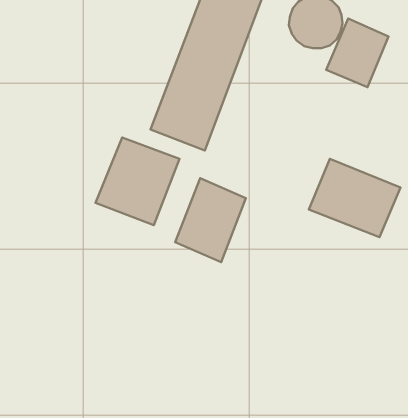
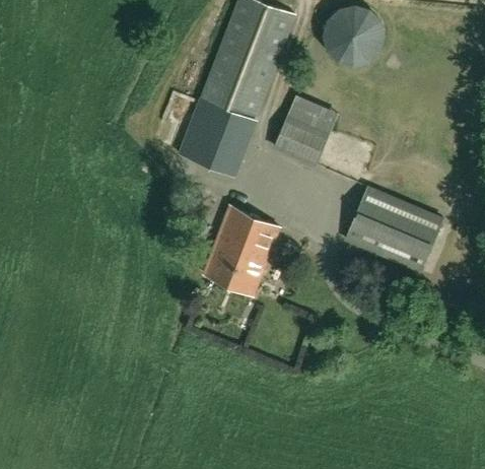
building: [326,18,388,87] -> [272,94,338,168]
building: [96,137,180,225] -> none

